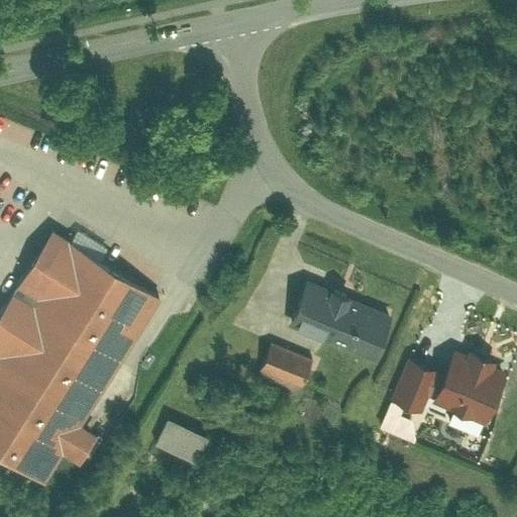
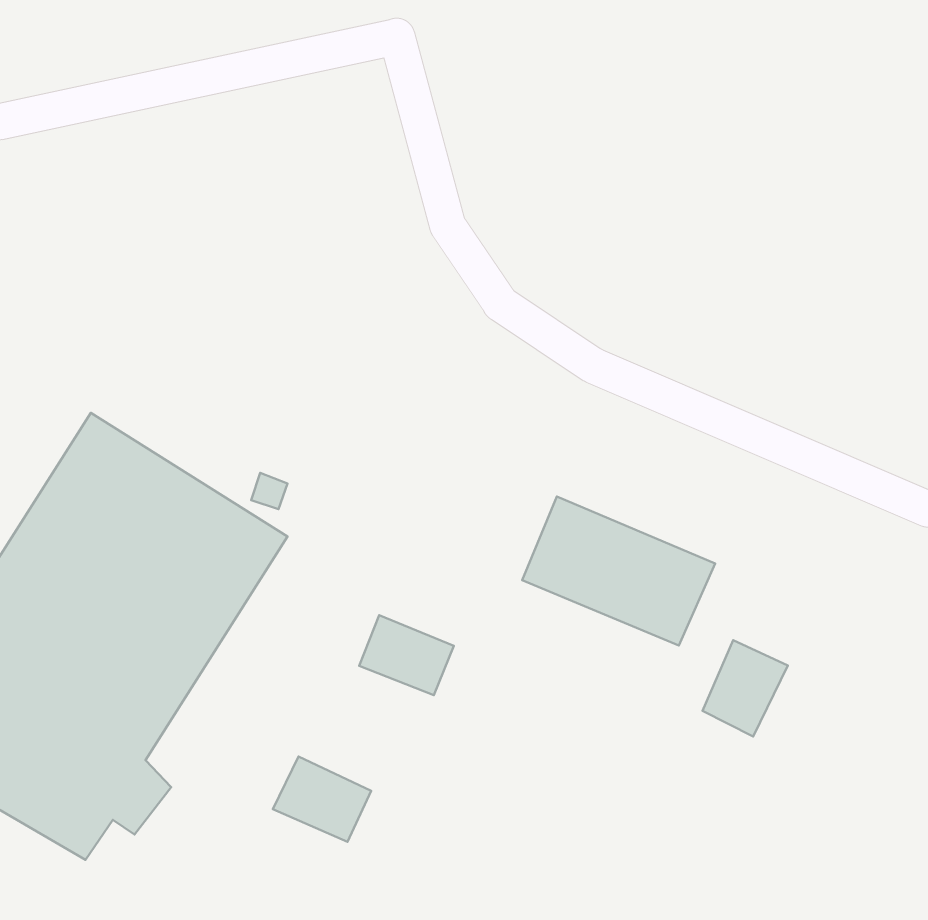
building: [260,345,312,390] -> [359,615,454,695]
building: [432,360,500,425] -> none

